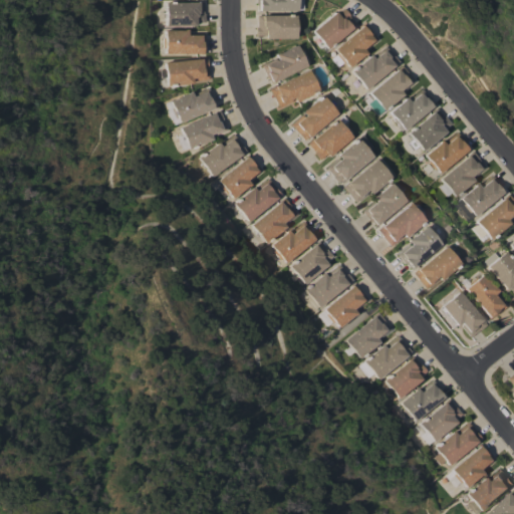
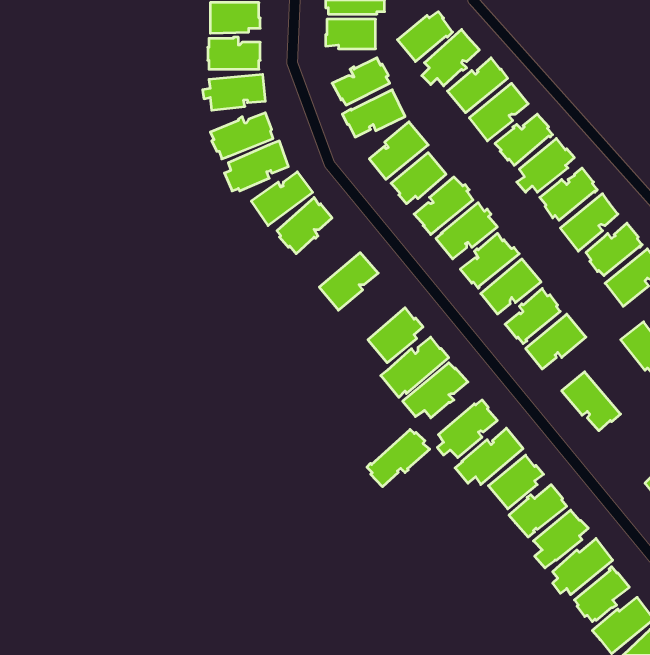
building: [236,179,283,222] -> none
building: [273,222,318,263] -> none
building: [468,274,509,318] -> none
building: none -> [367,429,430,487]

